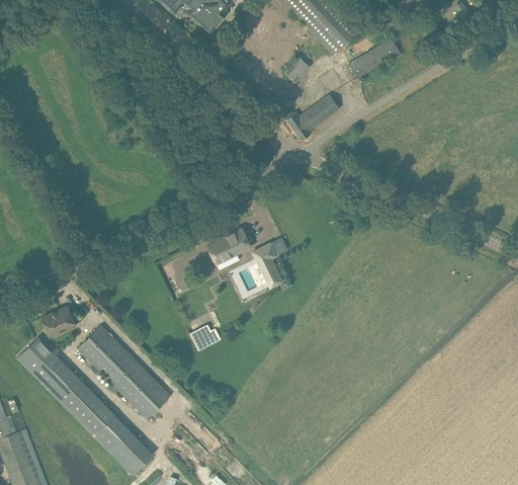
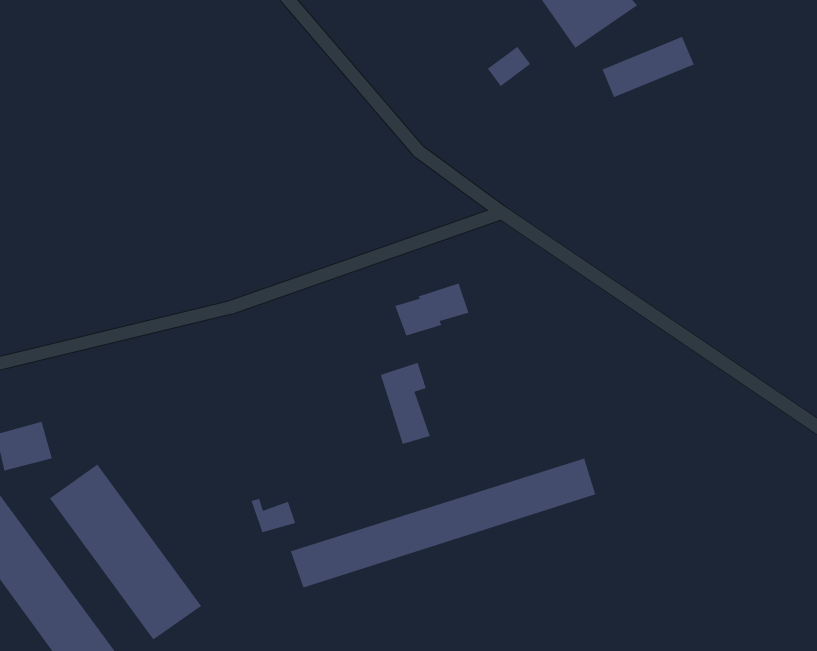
building: [280,93,340,140] -> none
building: [207,228,250,262] -> [394,283,469,336]
building: none -> [290,458,596,589]

